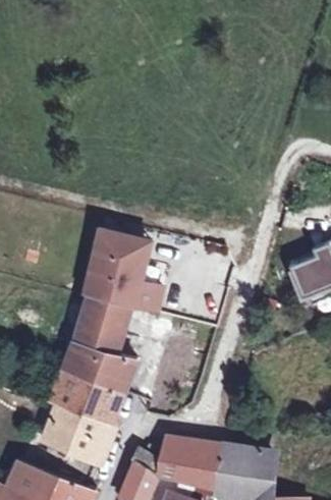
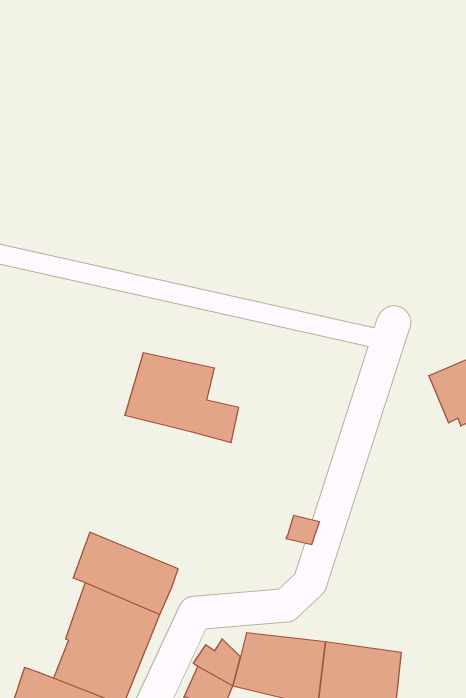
building: [99,229,152,261] -> none
building: [63,292,136,395] -> none

